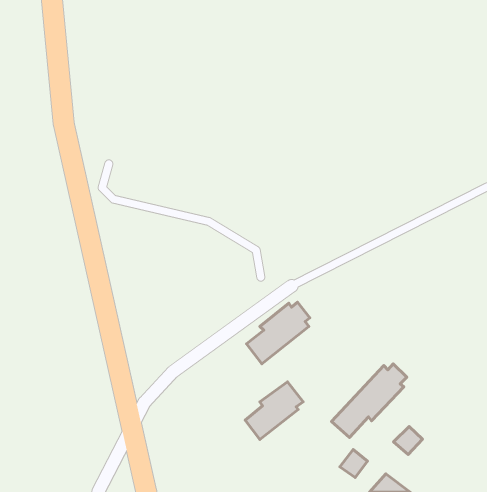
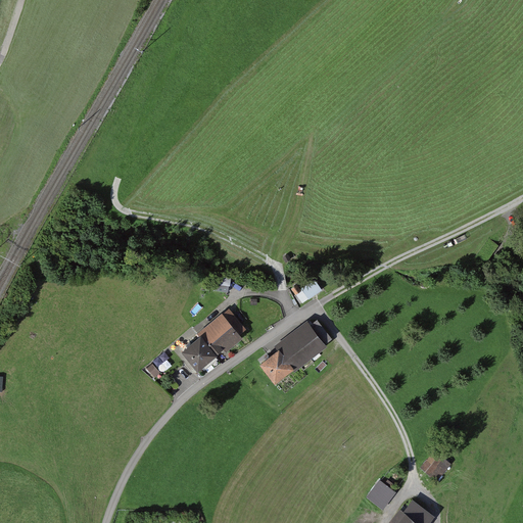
building: [332,364,407,437] -> none
building: [245,382,303,439] -> [185,310,246,371]

